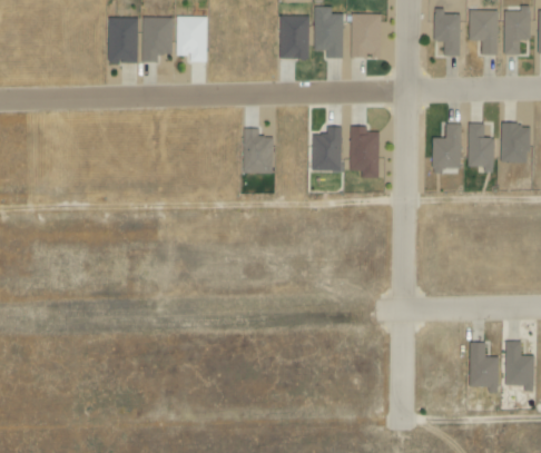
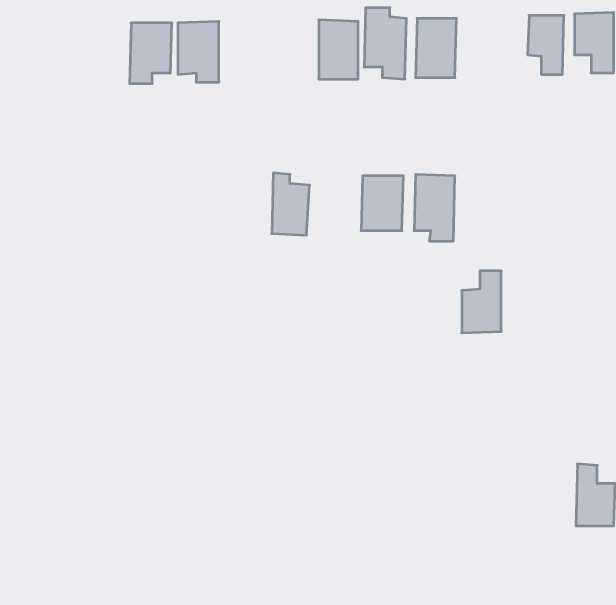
building: [108,18,138,63] -> none
building: [469,122,494,168] -> none
building: [433,124,462,169] -> [462,271,501,333]

